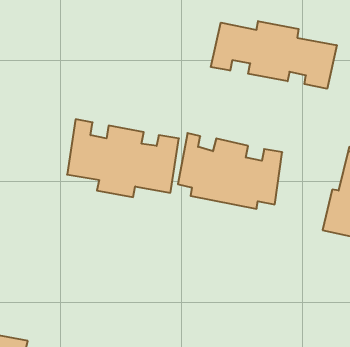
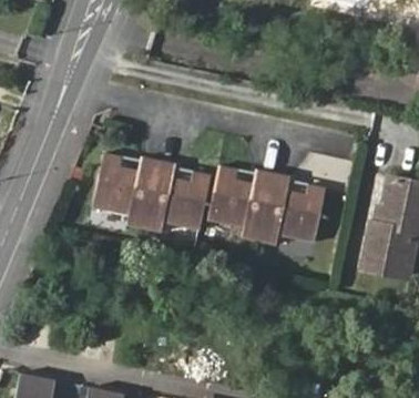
building: [211,21,337,89] -> none

